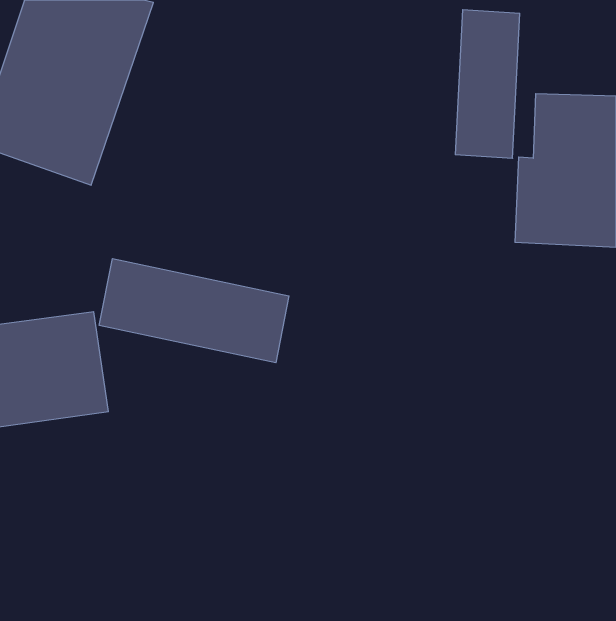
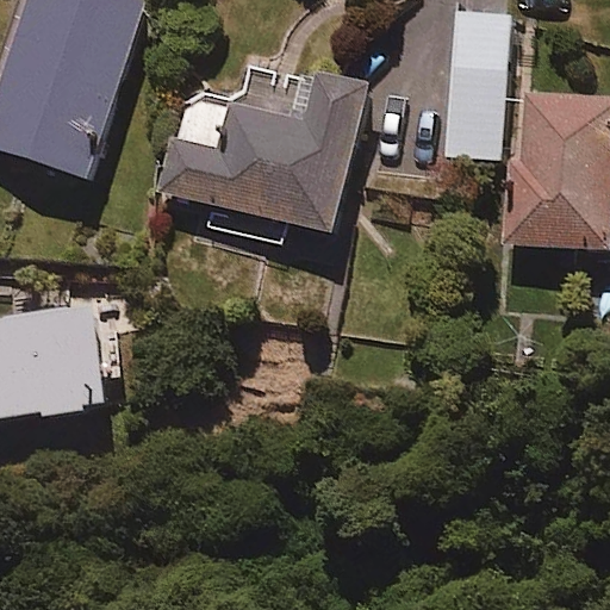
building: none -> [155,68,367,242]
building: [99,259,289,363] -> none

